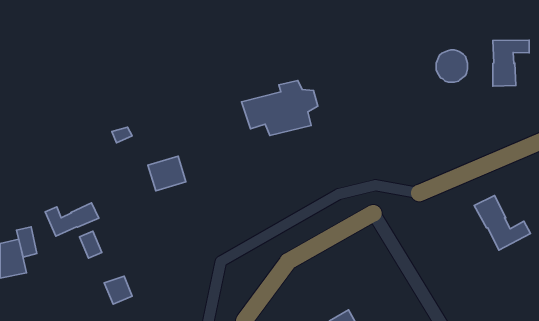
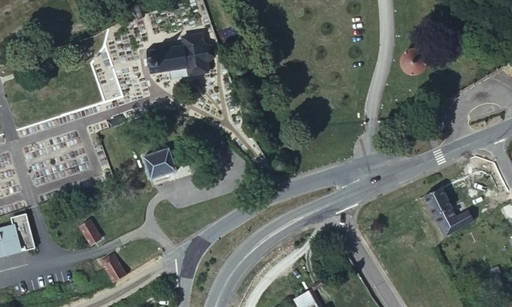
building: [493,40,529,86] -> none
building: [242,81,318,135] -> [141,36,209,85]
building: [45,203,99,236] -> none

